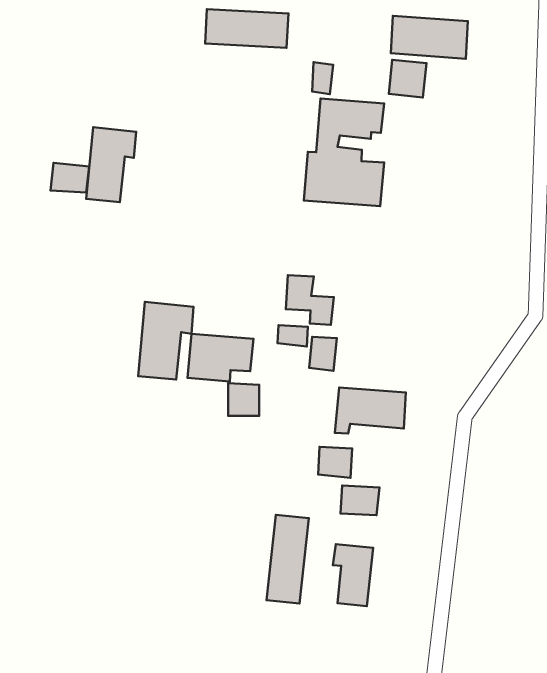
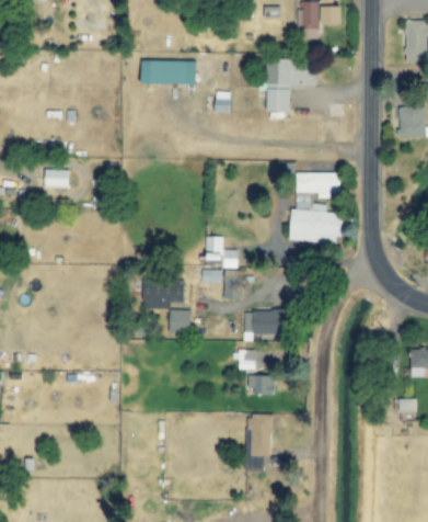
building: [304,98,384,206] -> [289,171,342,241]
building: [86,127,136,202] -> none
building: [138,302,193,380] -> none
building: [267,515,309,604] -> none

